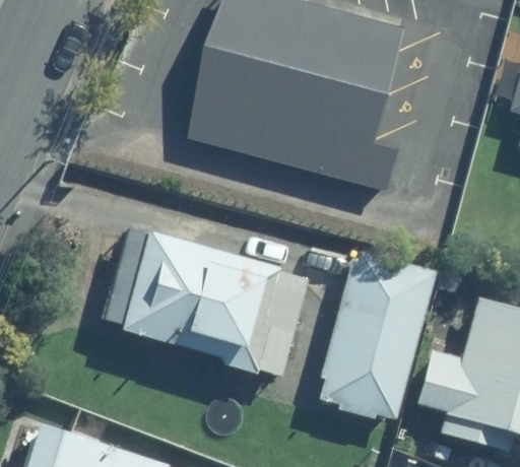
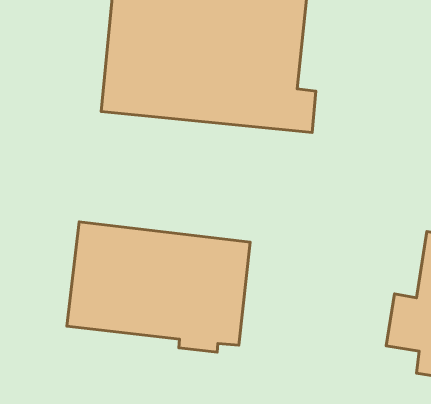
building: [318,249,434,421] -> none

